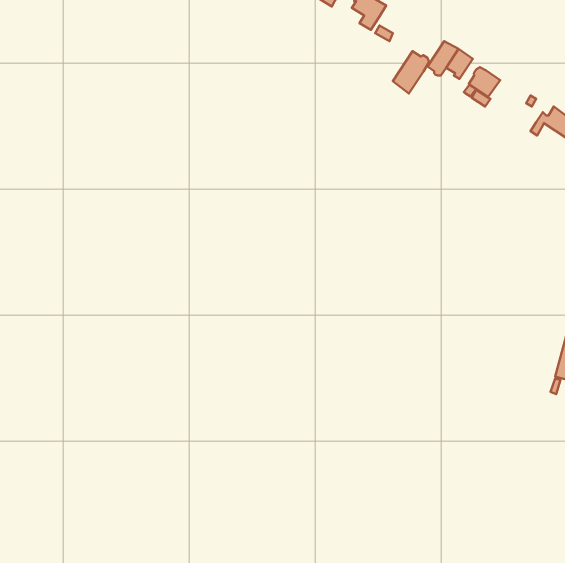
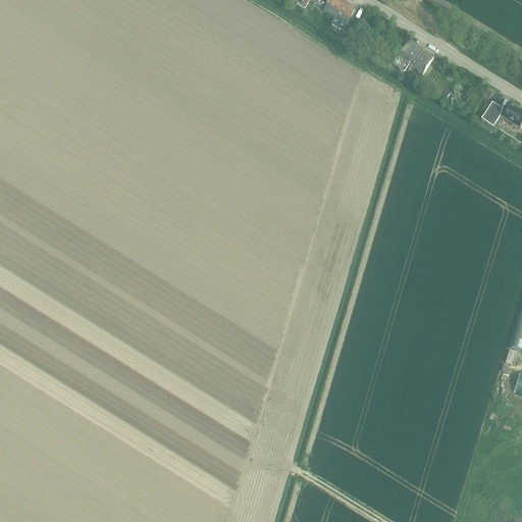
building: [393,51,429,94] -> none
building: [469,67,500,97] -> none

